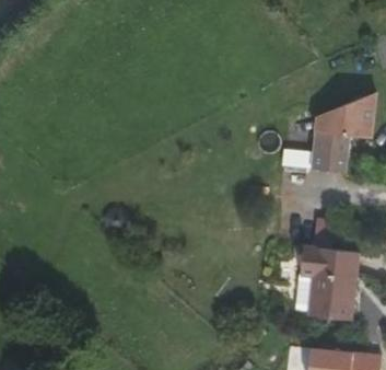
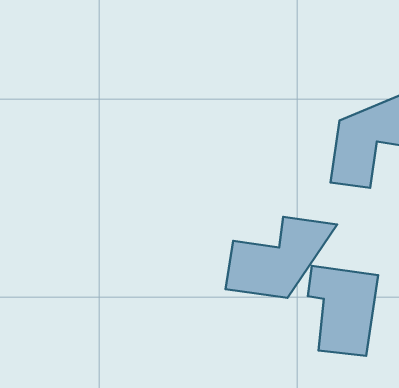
building: none -> [226,217,337,298]

